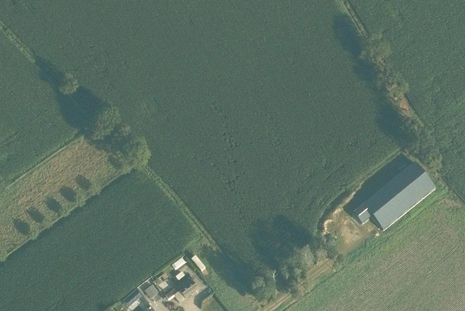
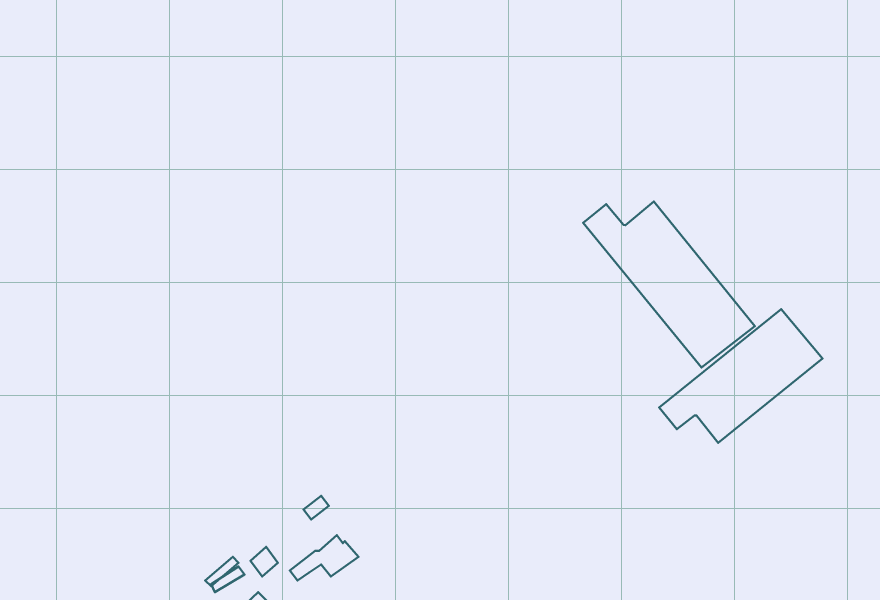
building: none -> [583,202,755,368]

